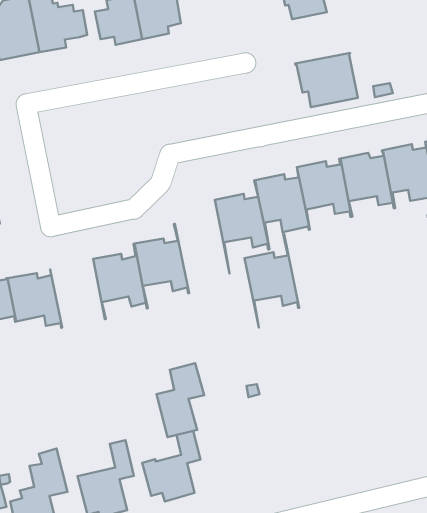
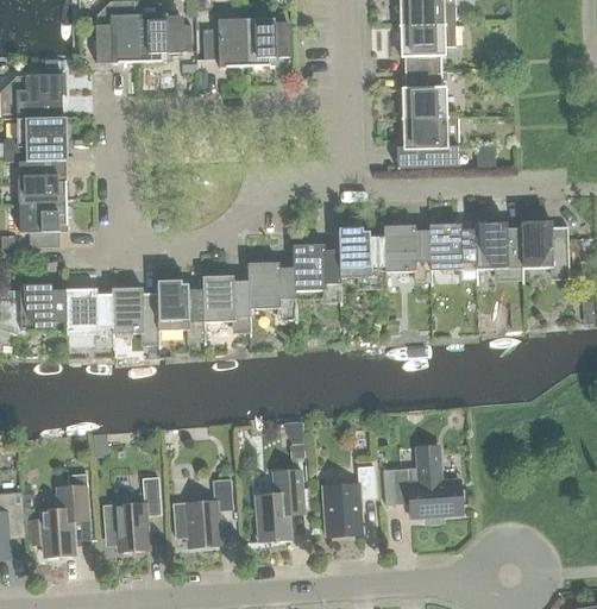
building: none -> [400,70,458,118]
building: [245,234,299,327] -> [247,244,295,335]
building: none -> [111,283,158,349]
building: [157,363,204,437] -> [254,469,303,540]
building: none -> [382,444,461,522]
building: none -> [321,465,375,535]

